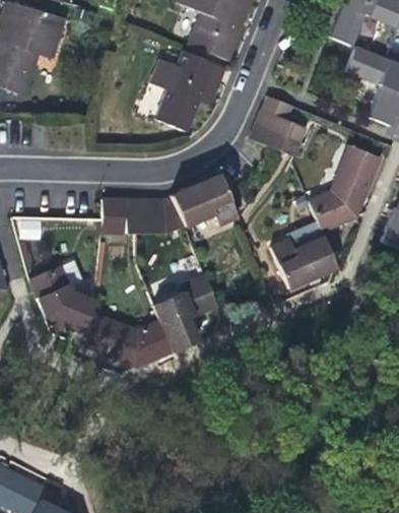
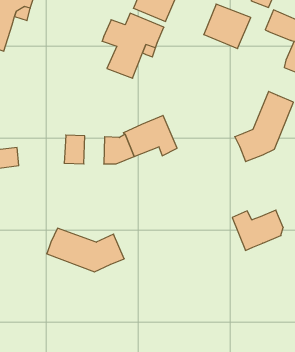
building: [253,101,311,155] -> [204,4,251,49]
building: [124,200,149,235] -> none
building: [272,239,335,288] -> [232,210,283,250]
building: [29,265,96,331] -> none
building: [152,275,219,351] -> none

